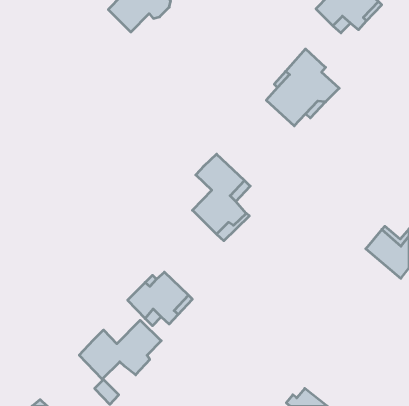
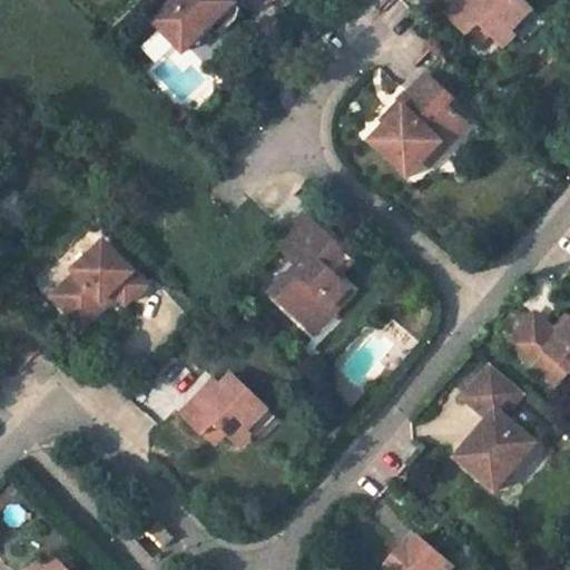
building: none -> [50,239,142,323]
building: none -> [455,363,537,492]
building: [79,320,161,379] -> none

